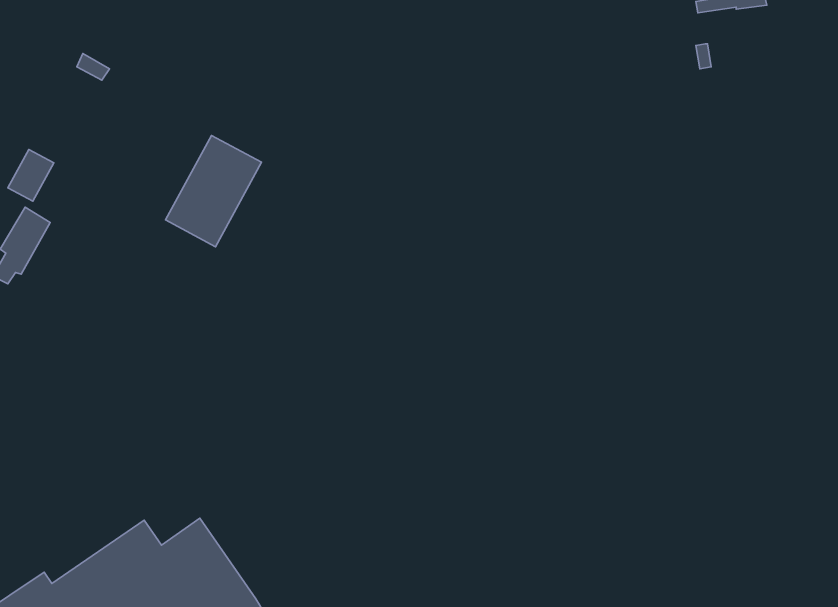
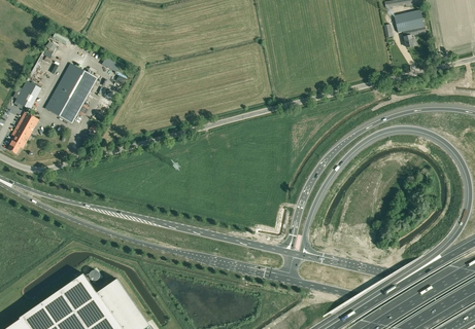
building: none -> [394,10,425,47]
building: [165,135,262,247] -> [44,64,96,123]

